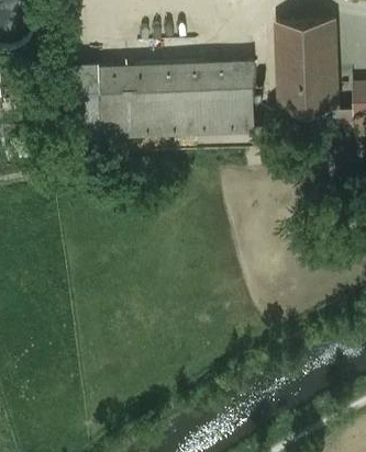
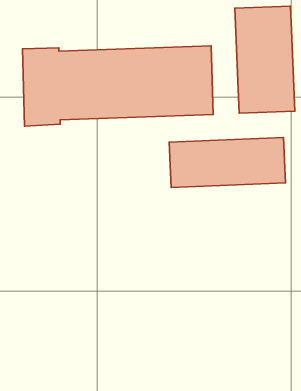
building: none -> [169,138,286,188]

